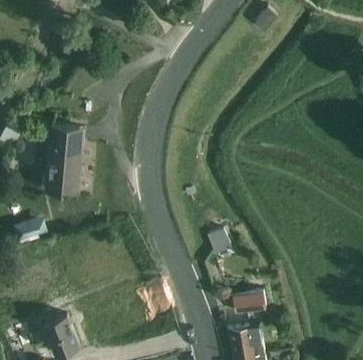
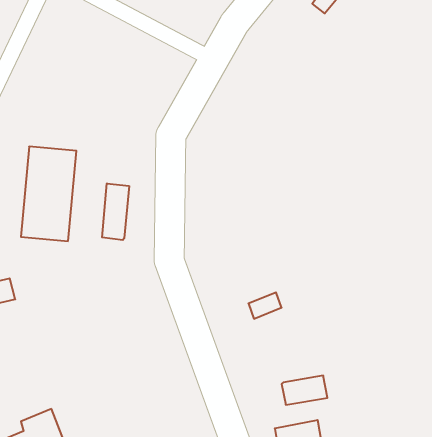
building: none -> [102,183,129,240]

